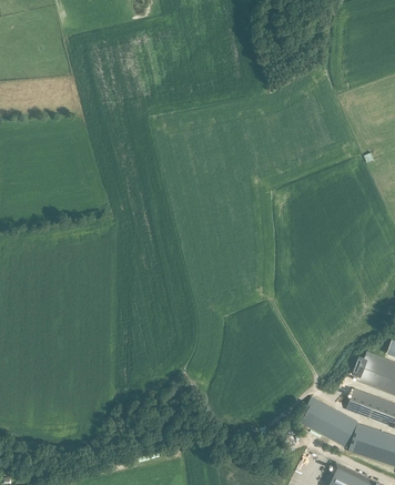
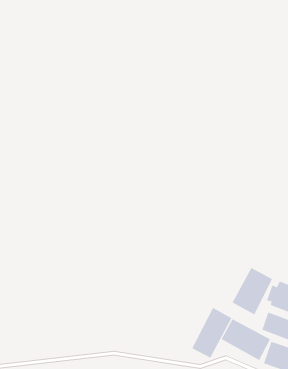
building: none -> [232,267,273,315]
building: none -> [191,307,232,359]

